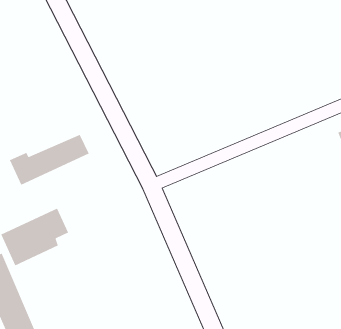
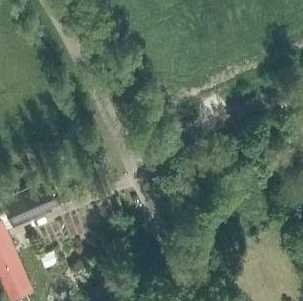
building: [9,134,90,186] -> none

